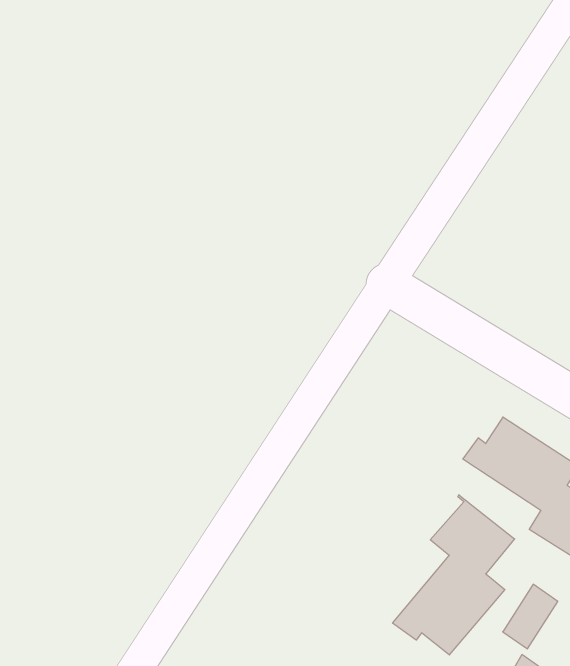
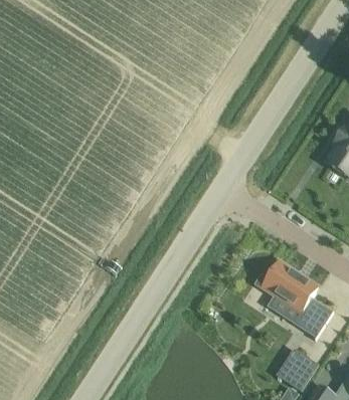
building: [393,495,515,655] -> none

